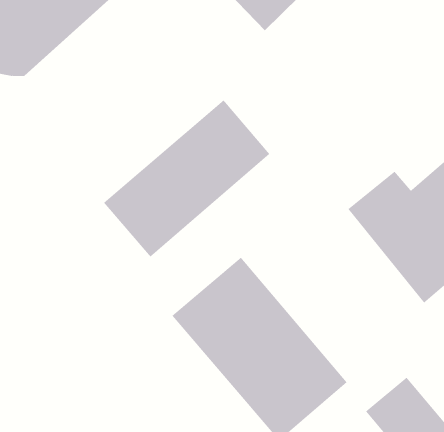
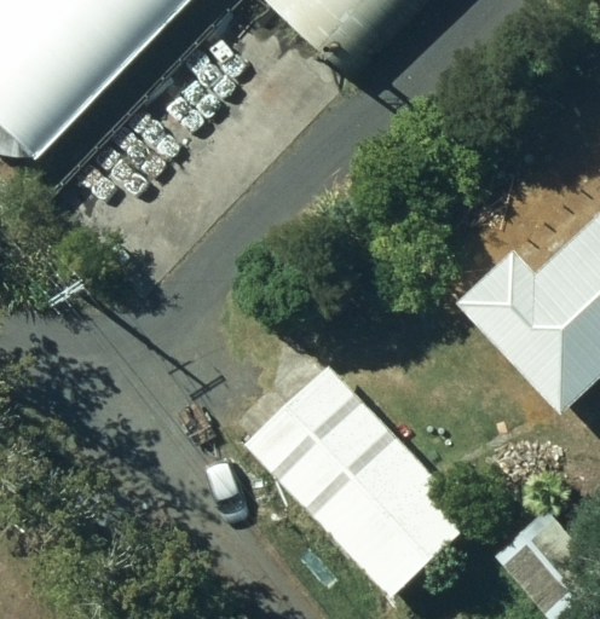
building: [103,99,270,257] -> none

